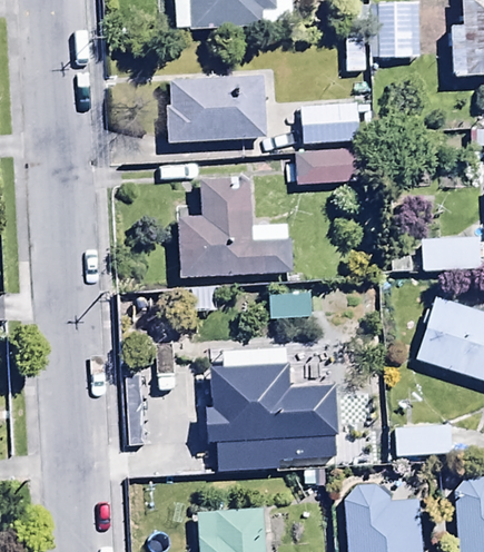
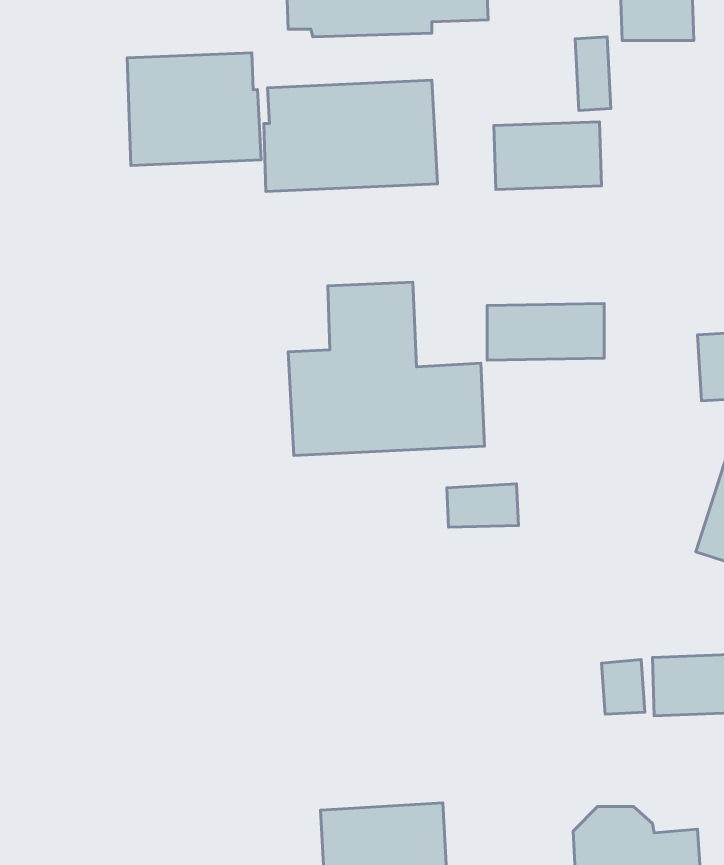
building: none -> [127,53,261,166]
building: [293,142,362,176] -> [487,303,604,360]
building: [206,361,325,456] -> none

